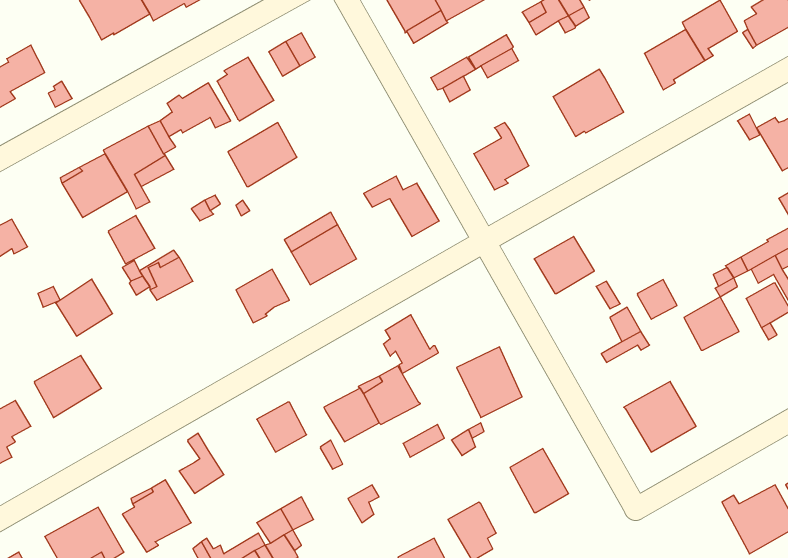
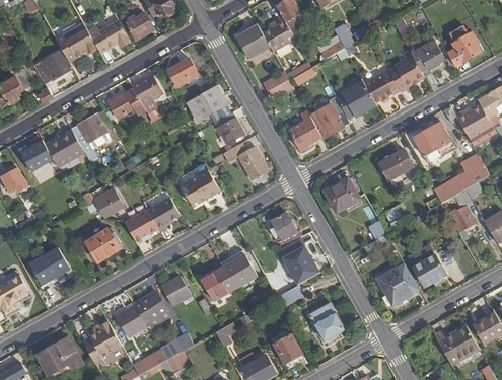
building: none -> [32,50,72,83]
building: none -> [365,71,399,103]
building: none -> [309,96,350,139]
building: [228,123,297,186] -> [187,84,227,122]
building: none -> [215,112,243,143]
building: none -> [412,122,450,155]
building: none -> [377,149,412,180]
building: [108,215,155,264] -> [20,143,48,171]
building: [56,279,113,336] -> [85,228,119,261]
building: none -> [124,209,158,243]
building: [684,297,739,350] -> [413,254,445,286]
building: [383,315,438,373] -> [270,213,302,247]
building: none -> [132,290,167,328]

